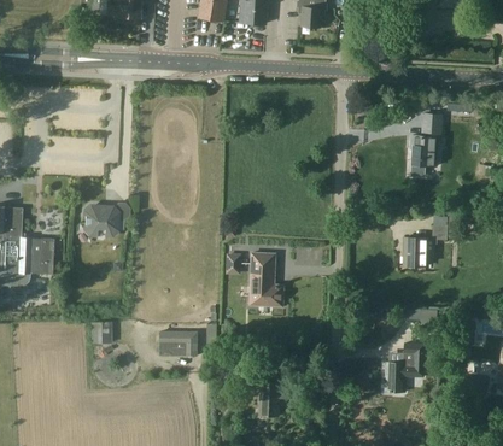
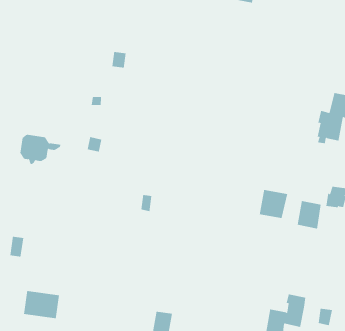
building: none -> [259,189,288,219]
building: [250,263,283,305] -> none
building: [160,330,198,357] -> [23,291,60,319]

